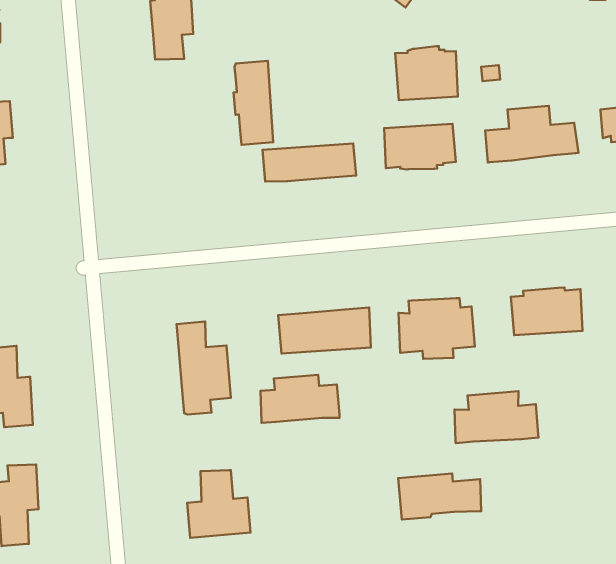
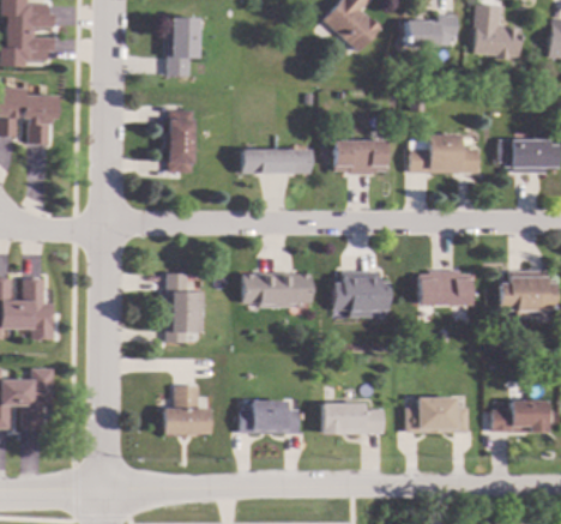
building: [395,46,458,100] -> none
building: [234,61,273,145] -> [167,110,194,171]
building: [260,375,340,423] -> [240,400,298,434]
building: [454,391,539,443] -> [405,397,468,433]

